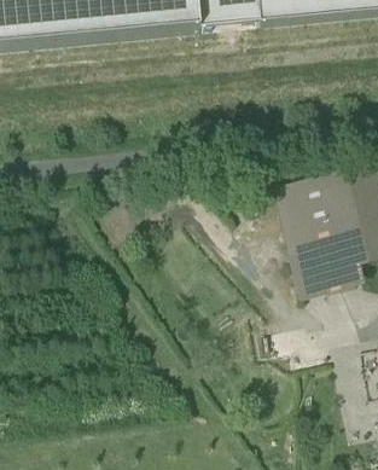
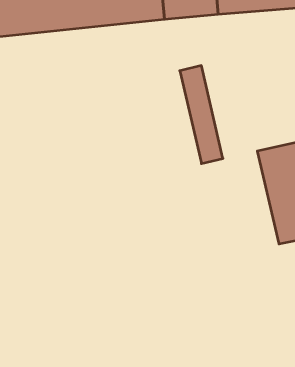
building: [278,179,328,294] -> [180,66,223,164]

